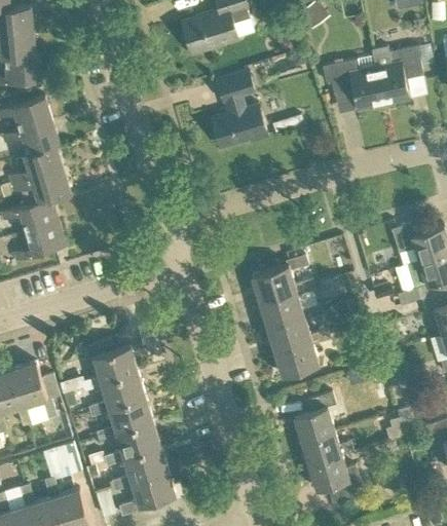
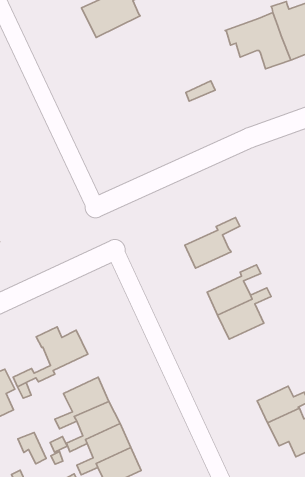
building: [210,71,267,149] -> none
building: [258,279,315,326] -> none
building: [88,371,145,416] -> none
building: [293,391,335,442] -> none

